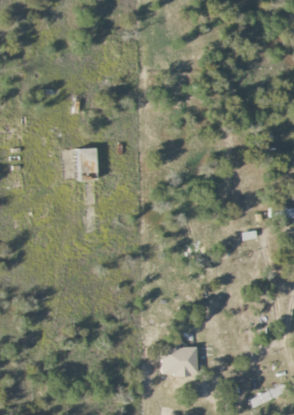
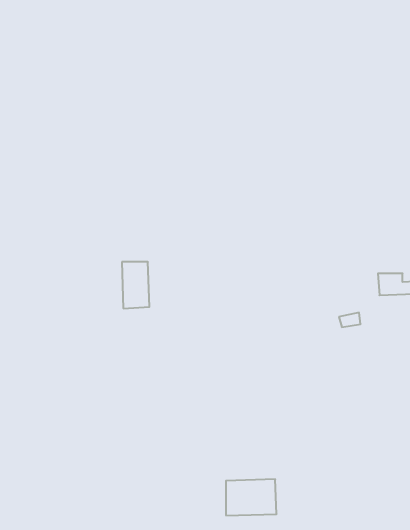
building: [77,149,97,181] -> [122,262,149,308]

